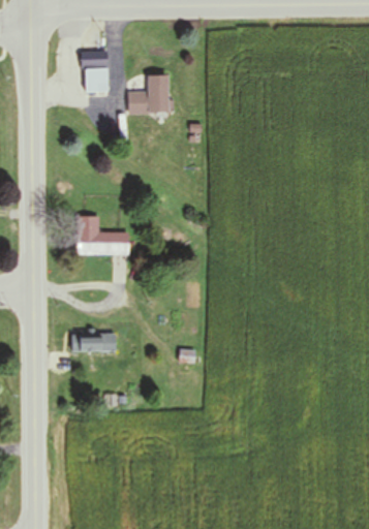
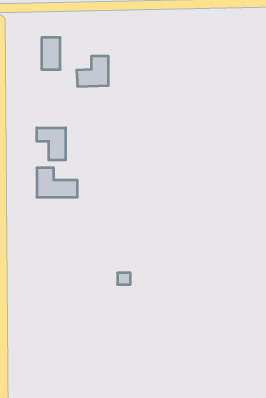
building: none -> [37,128,66,160]
building: [78,335,116,353] -> none

